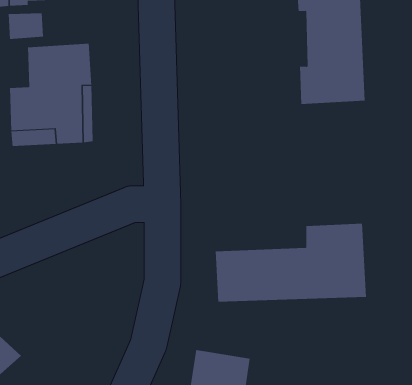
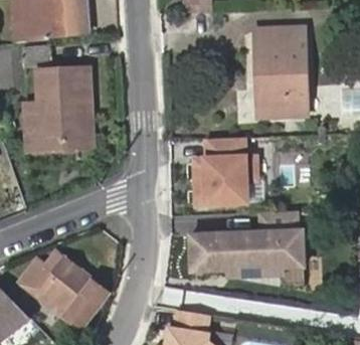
building: none -> [192,135,262,203]
building: none -> [27,256,105,328]

